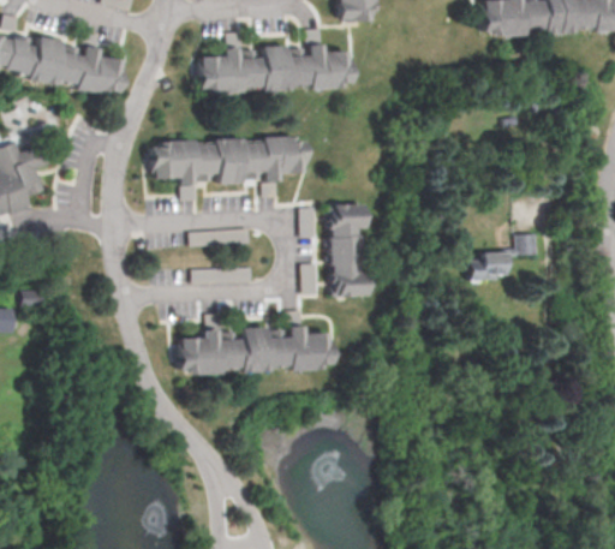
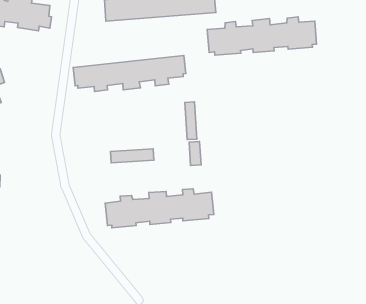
building: none -> [207,17,316,55]
building: [327,204,368,299] -> none
building: [190,229,250,246] -> none
building: [468,234,536,280] -> none

